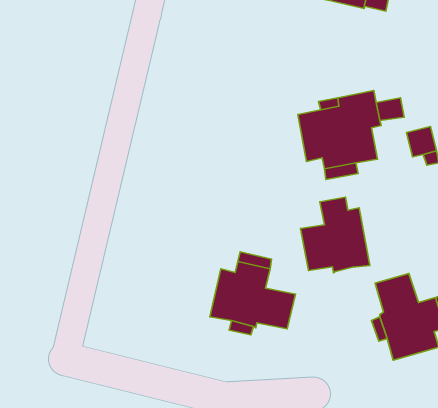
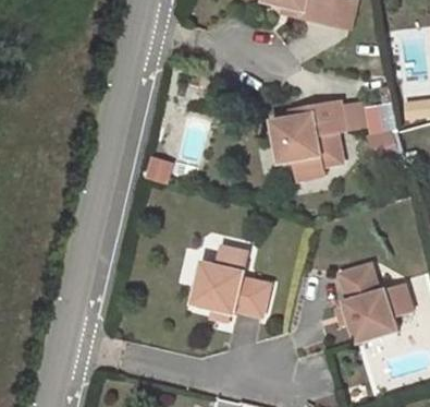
building: [301,197,370,273] -> none

